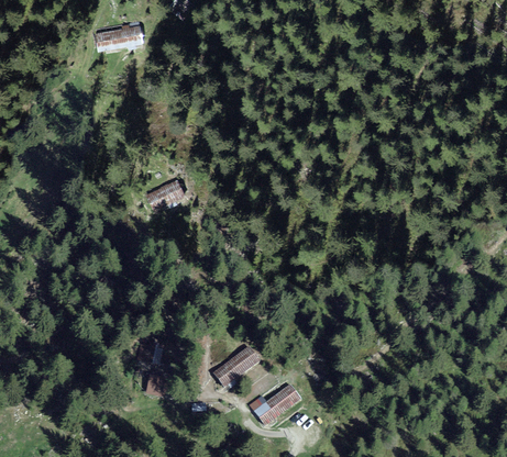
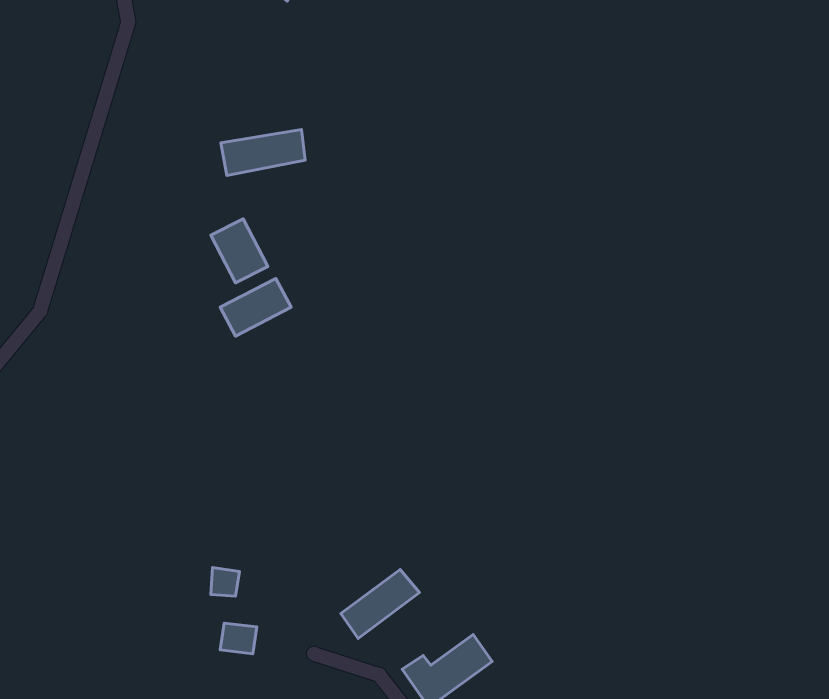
building: [95,25,143,52] -> [221,130,305,175]
building: none -> [211,219,268,283]

